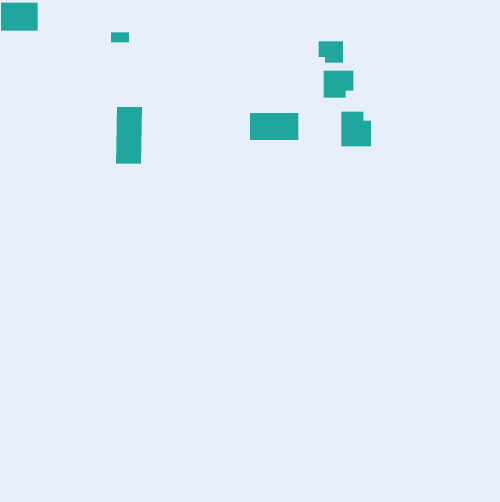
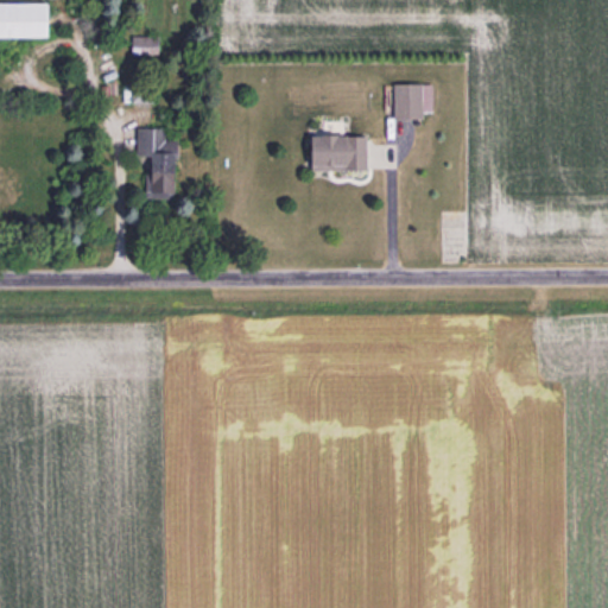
building: [318,40,344,63] -> none
building: [341,111,372,147] -> none

